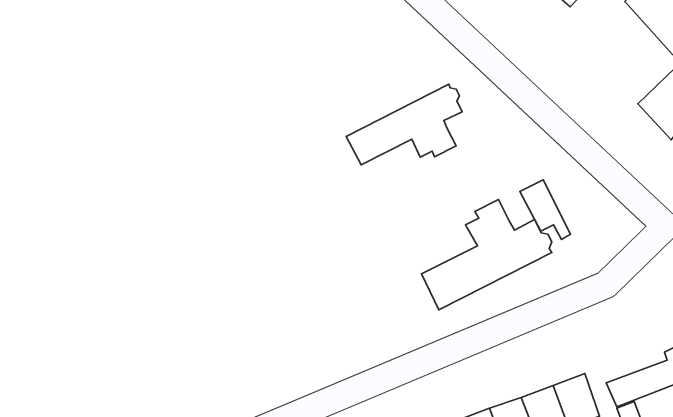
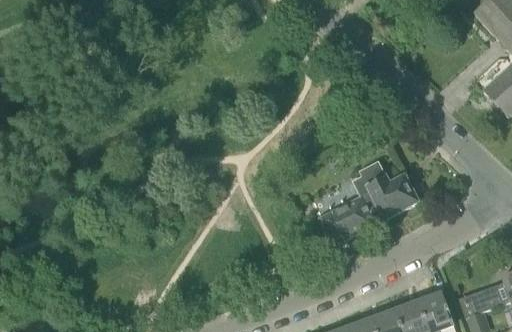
building: [346,84,462,165] -> none
building: [520,180,570,240] -> none

